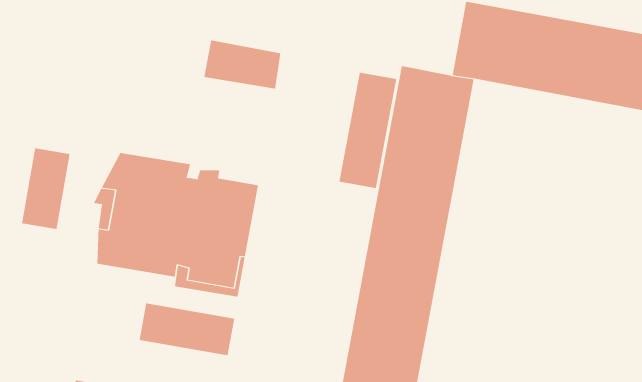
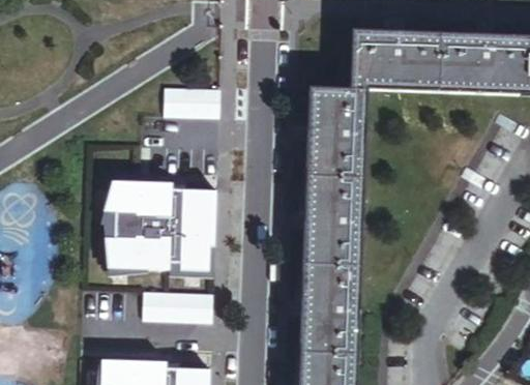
building: [339,72,397,189] -> none
building: [21,148,70,230] -> none

